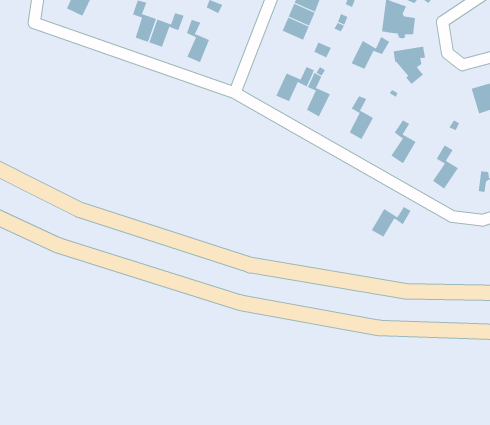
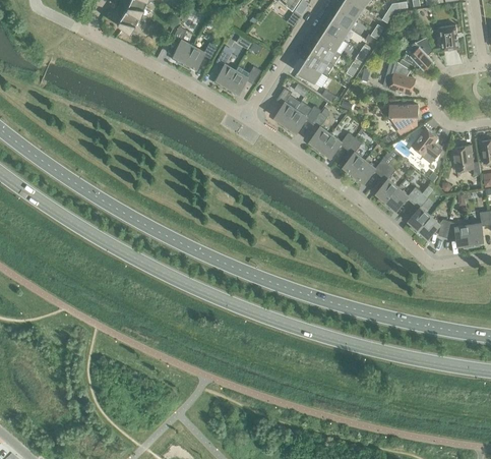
building: none -> [224,66,260,96]
building: [351,36,390,70] -> [318,132,355,159]
building: none -> [273,88,296,127]
building: none -> [412,127,442,163]
building: none -> [352,159,389,185]
building: none -> [416,215,449,240]
building: [371,206,411,238] -> [384,186,422,212]

